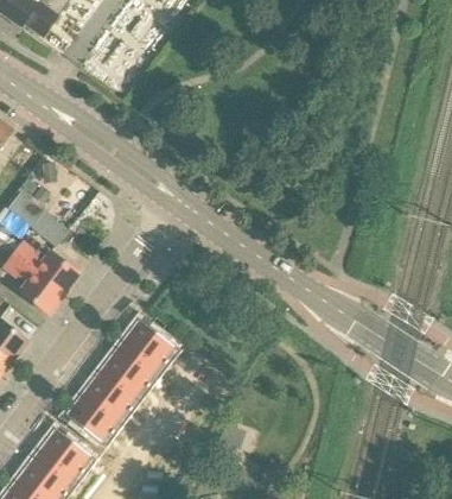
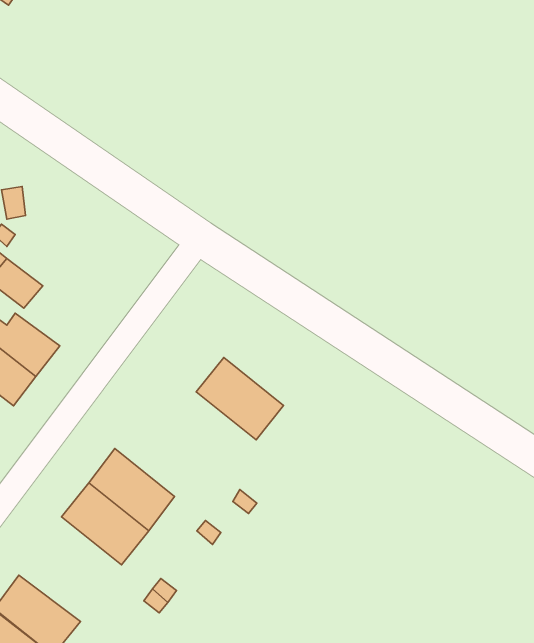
building: [117,318,178,375] -> [196,358,284,440]
building: [62,390,122,447] -> none

